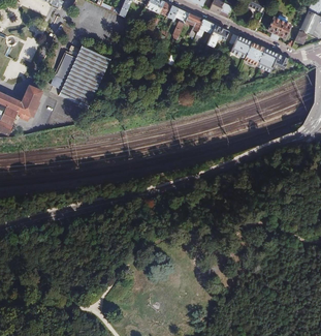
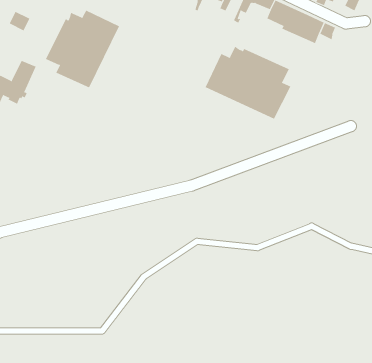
building: none -> [205,46,291,119]

